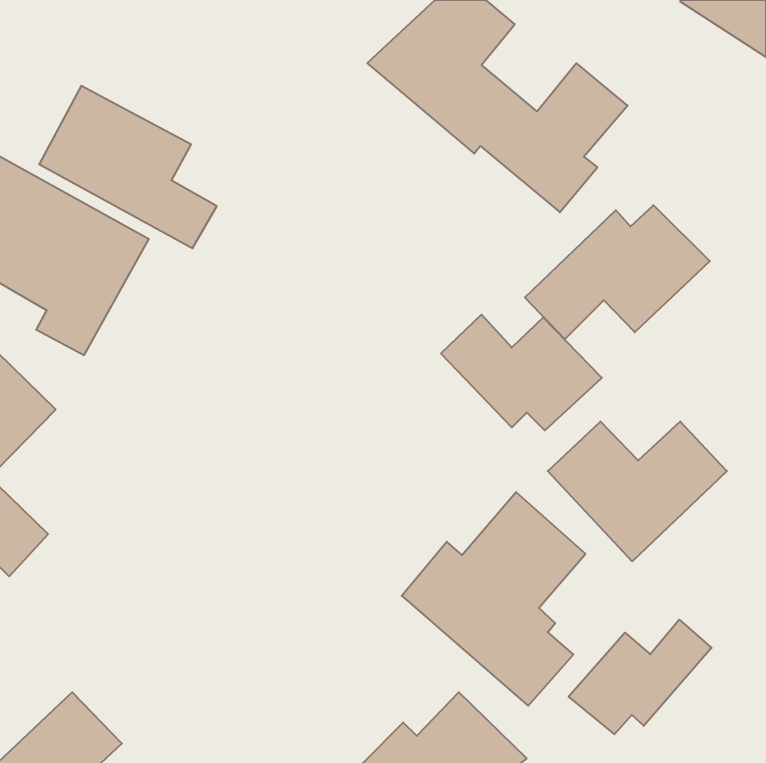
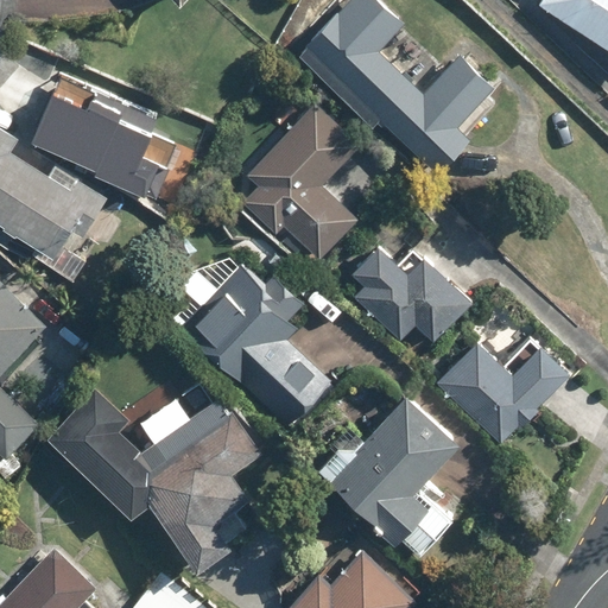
building: none -> [226,102,361,271]
building: [525,205,710,339] -> none
building: none -> [189,278,330,425]
building: none -> [43,387,261,575]
building: [569,620,712,734] -> none

